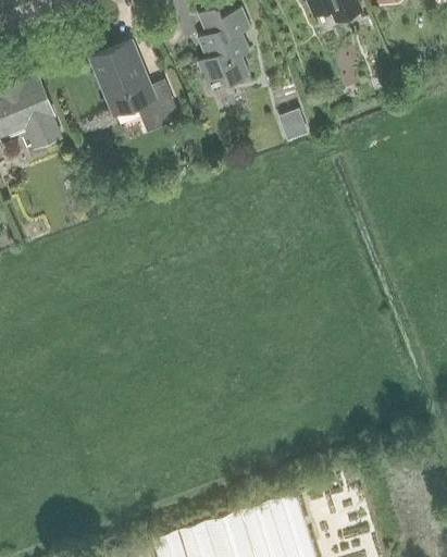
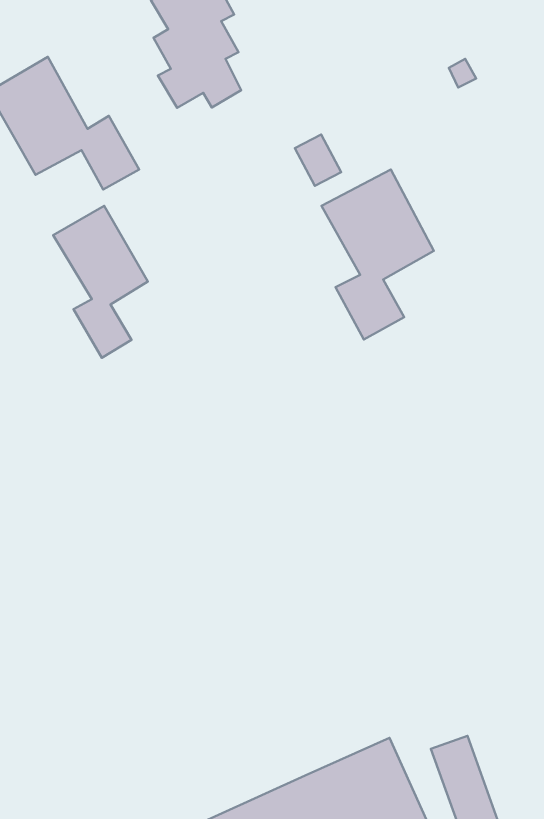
building: none -> [322,169,434,340]
building: none -> [53,206,148,358]

